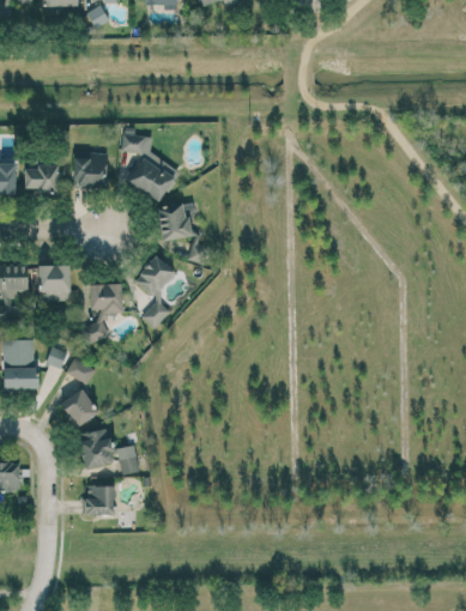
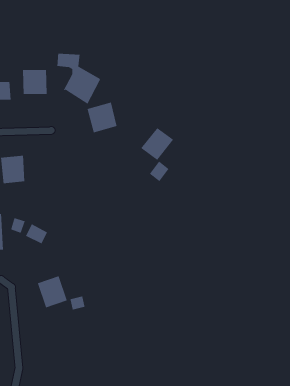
building: [132,255,177,328] -> [140,127,174,182]
building: [83,284,122,341] -> none
building: [60,388,98,428] -> none
building: [85,485,115,515] -> none

